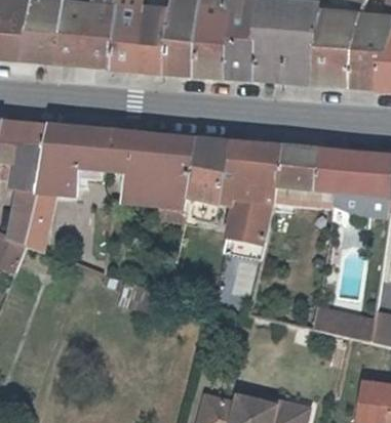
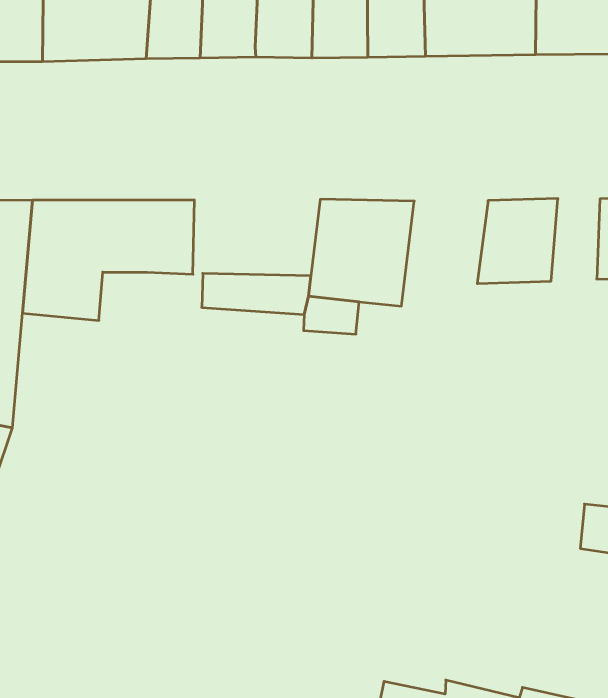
building: [129,136,198,180] -> none
building: [228,146,284,243] -> none
building: [313,152,342,195] -> none

